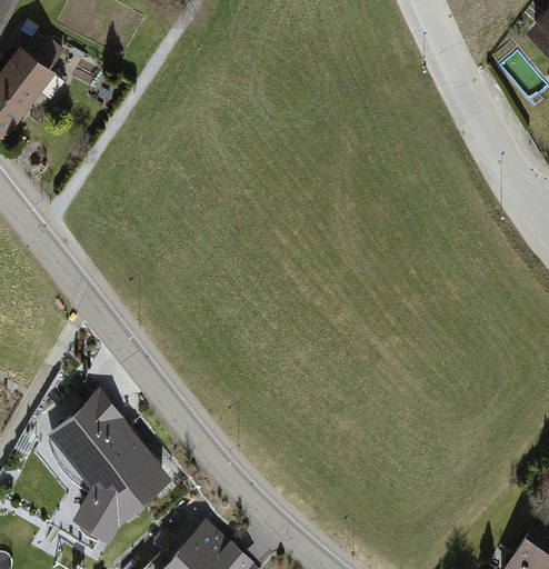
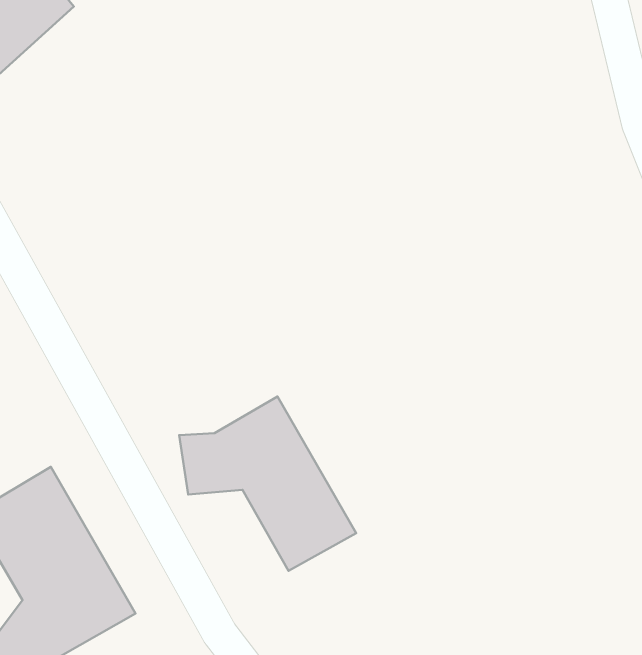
building: none -> [179,397,356,571]

